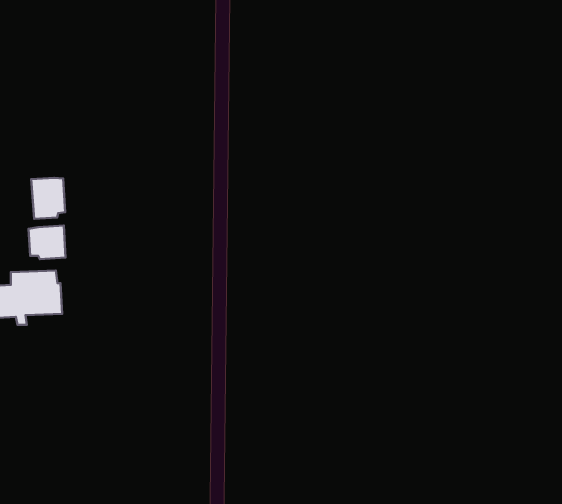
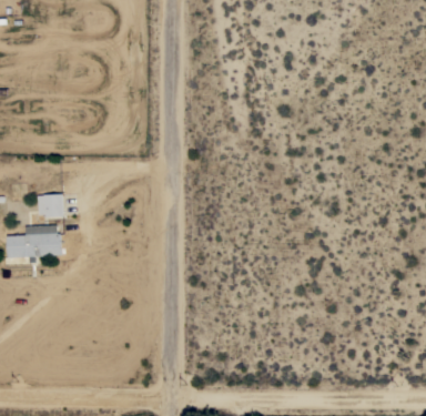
building: [31,178,65,219] -> none

